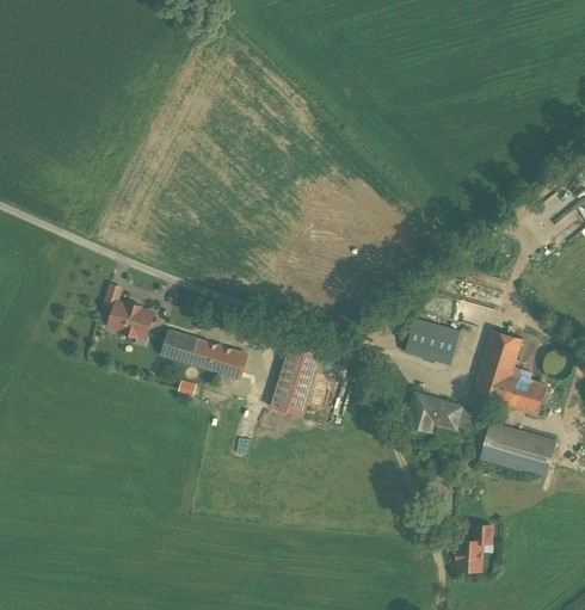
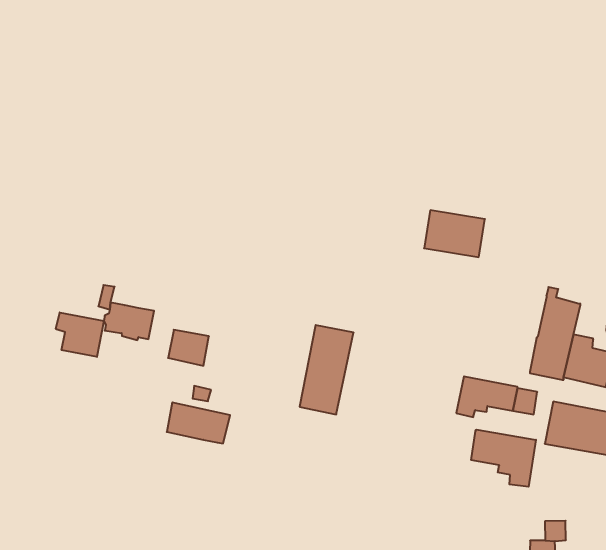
building: none -> [56,312,104,357]
building: [405,320,460,364] -> [424,210,485,257]
building: [191,339,247,378] -> [167,402,230,443]
building: none -> [471,430,536,487]

